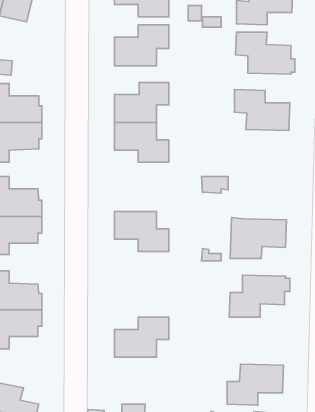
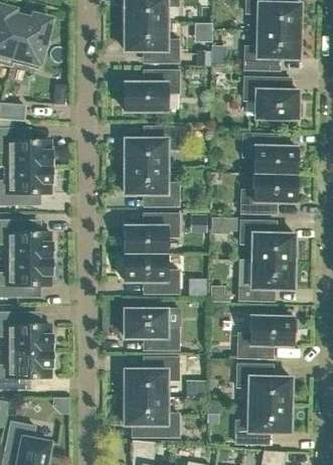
building: none -> [240,173,296,213]
building: none -> [125,213,178,254]
building: none -> [240,220,295,262]
building: none -> [125,309,178,349]
building: none -> [236,364,291,405]
building: none -> [125,397,178,437]

